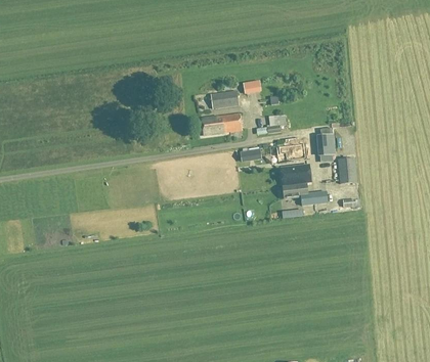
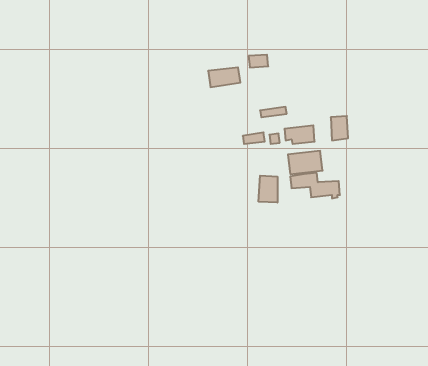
building: [200,114,241,135] -> none
building: [337,157,355,183] -> none
building: none -> [259,176,277,203]

